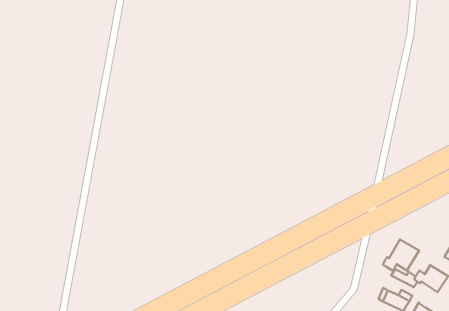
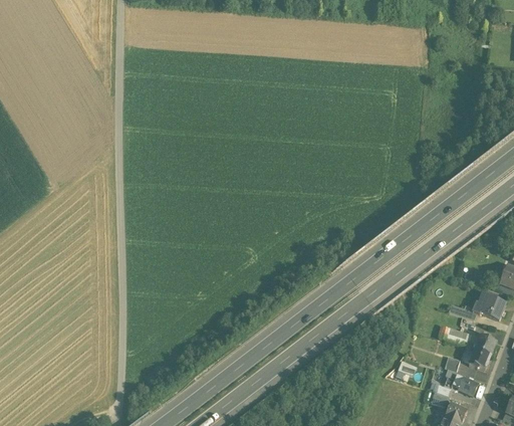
building: [383,240,419,271] -> none

